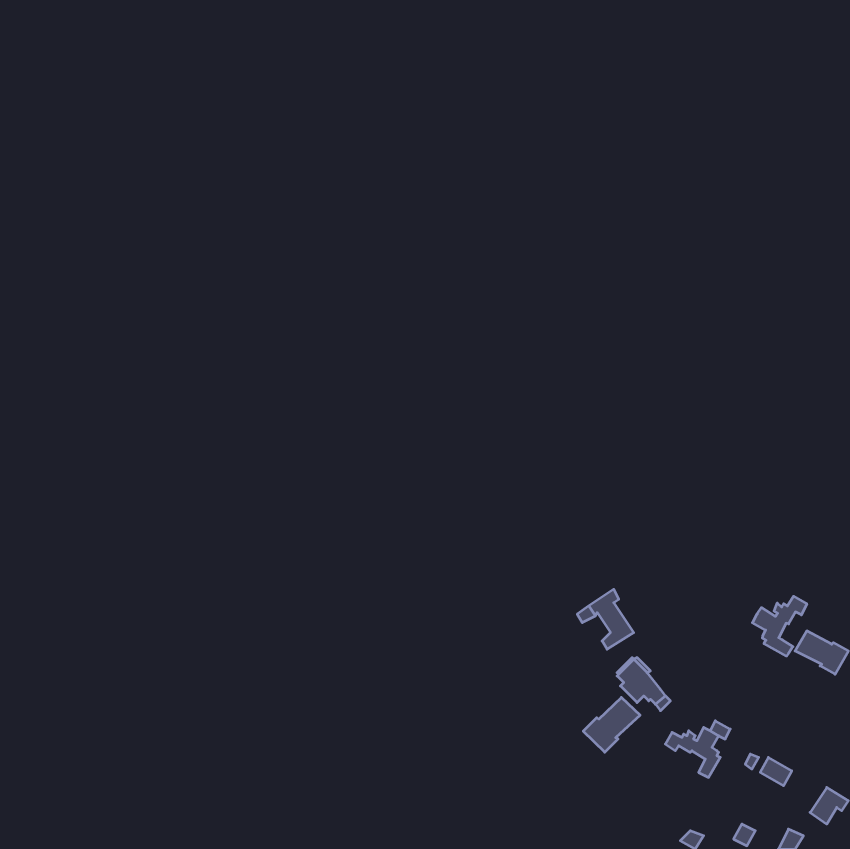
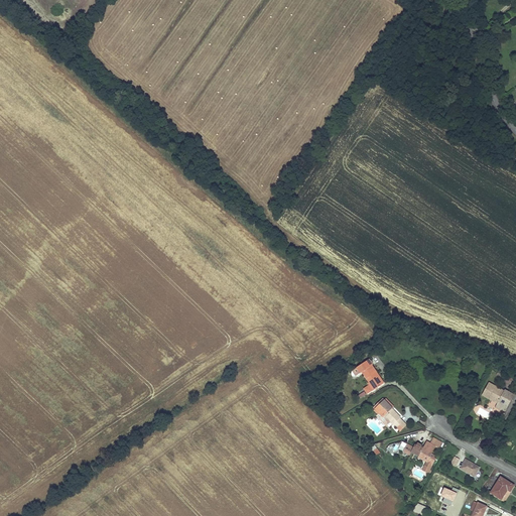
building: [752,596,807,656] -> none
building: [583,697,640,752] -> none

